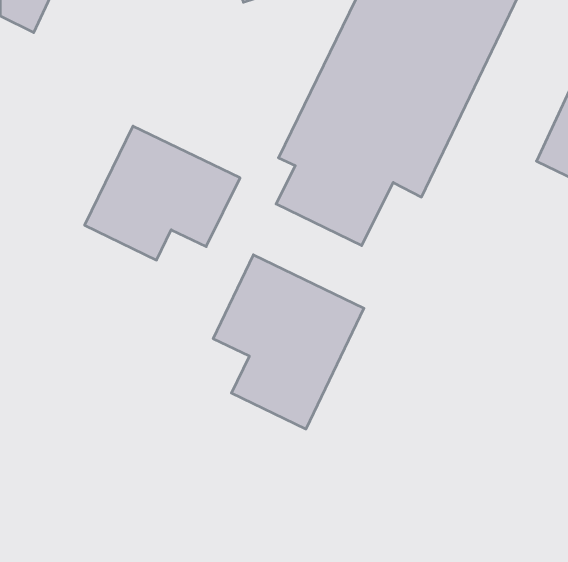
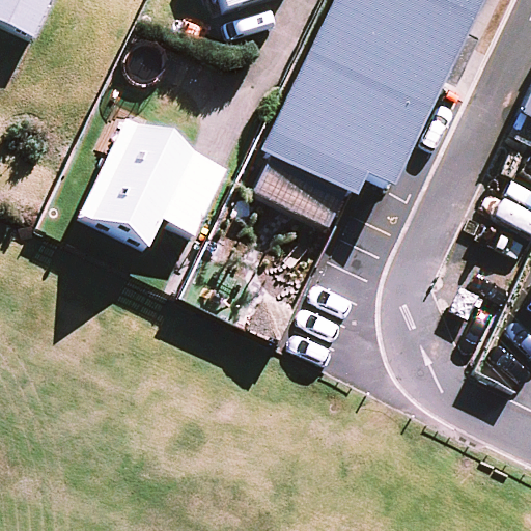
building: [213,255,364,429] -> none

